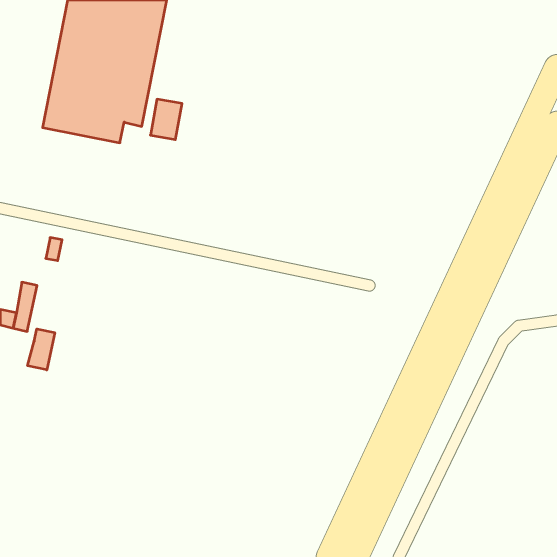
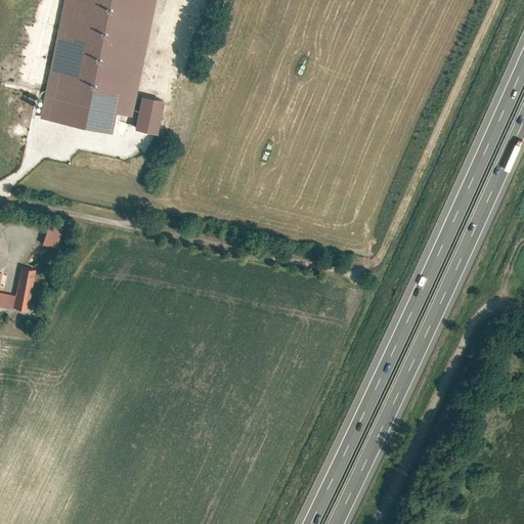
building: [28,329,55,370] -> none

